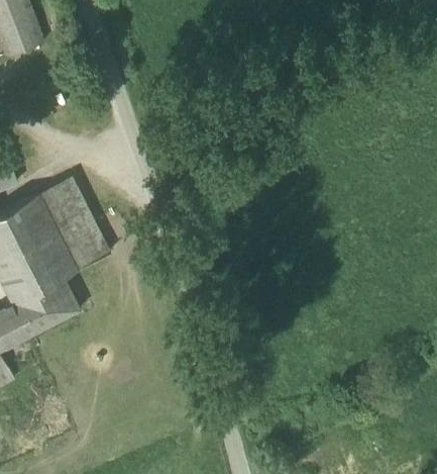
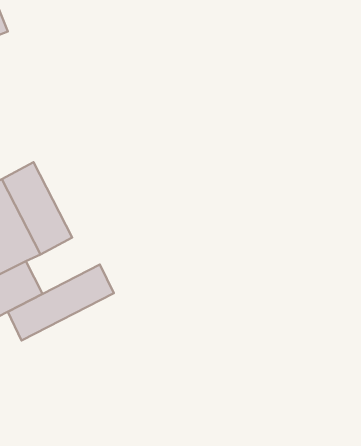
building: none -> [8,265,114,340]

